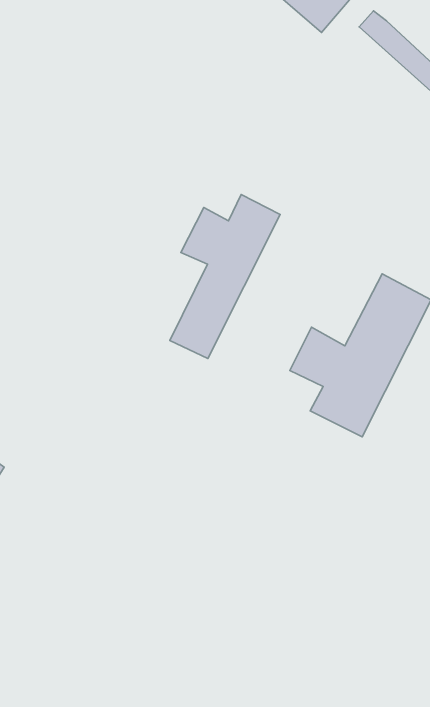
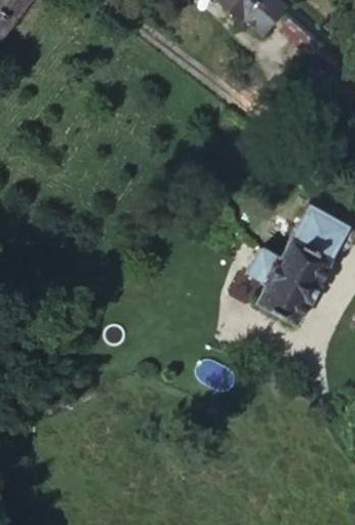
building: [170,195,280,358] -> none

